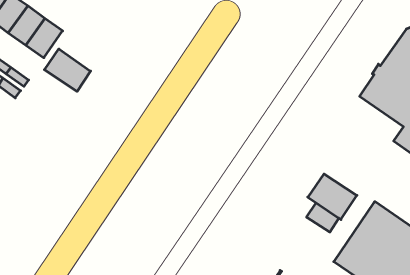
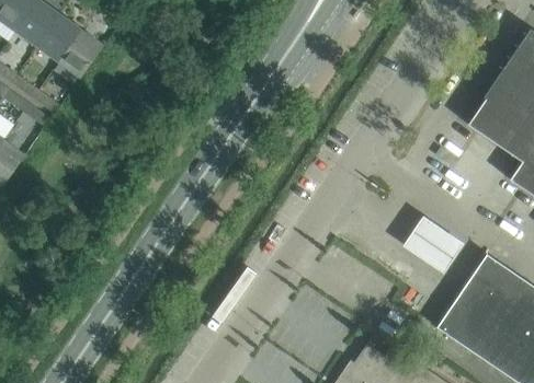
building: [44,49,91,91] -> none
building: [307,203,339,232] -> none

